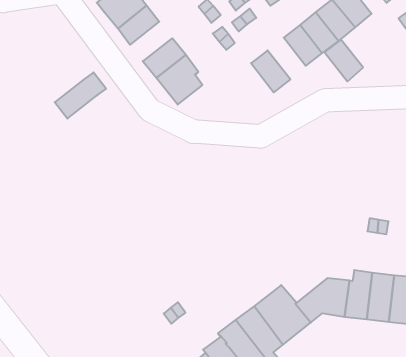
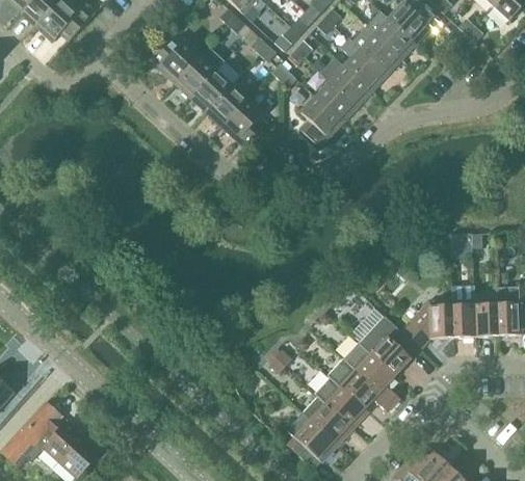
building: [325,39,363,81] -> [330,64,371,106]
building: none -> [300,96,343,146]
building: [55,72,106,119] -> [189,60,239,111]

